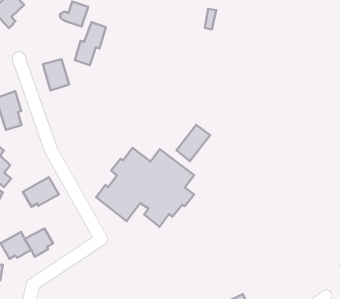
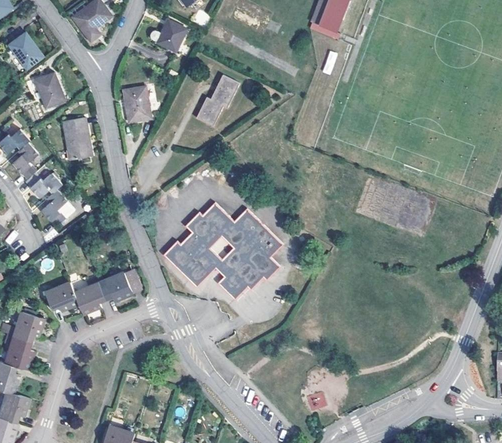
building: [75,22,106,65] -> [196,75,238,125]
building: [176,125,210,161] -> none
building: [23,177,59,207] -> [98,268,140,300]

